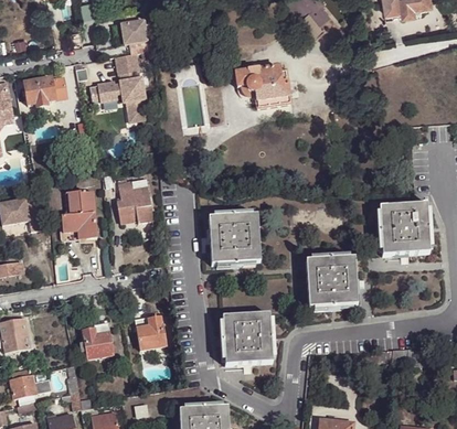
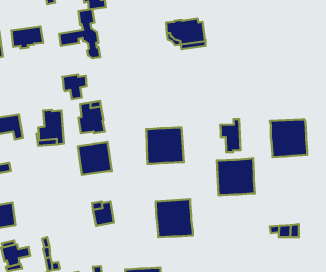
building: none -> [62,75,87,99]
building: none -> [220,119,241,152]
building: none -> [78,142,112,175]
building: [83,323,113,358] -> none

